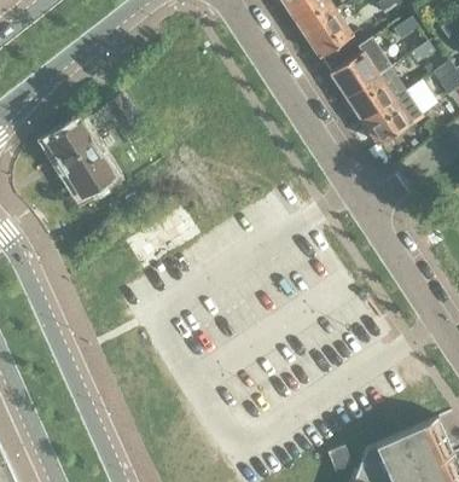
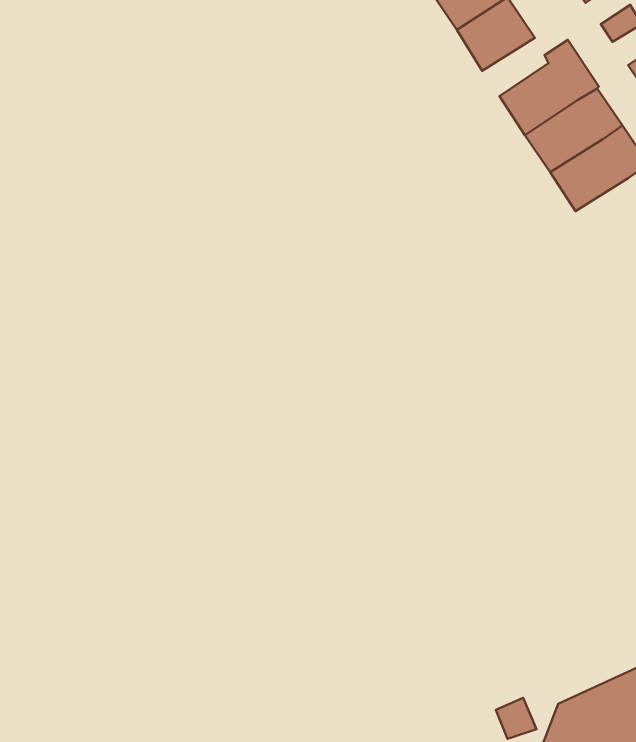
building: [46,98,141,197] -> none

